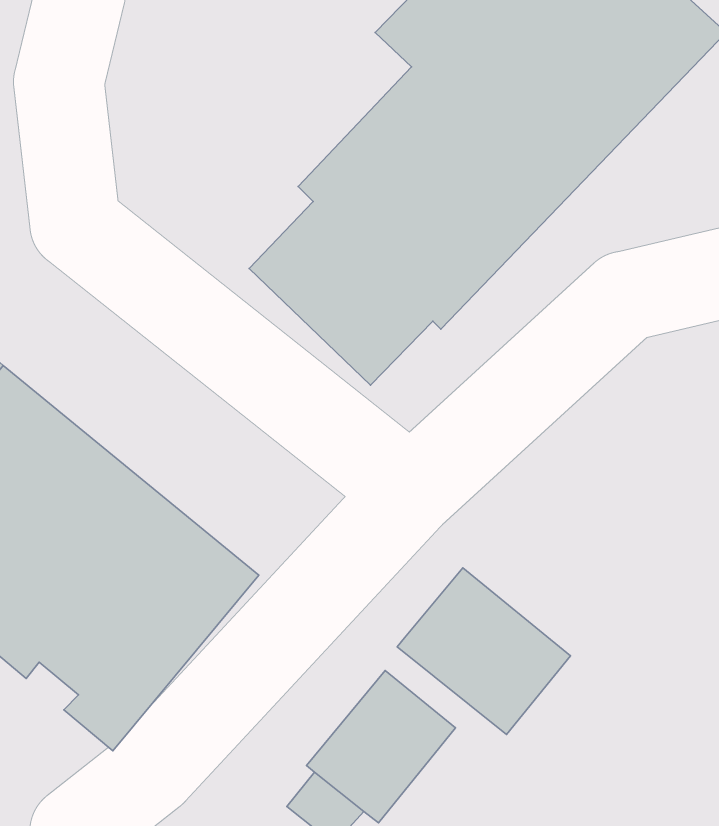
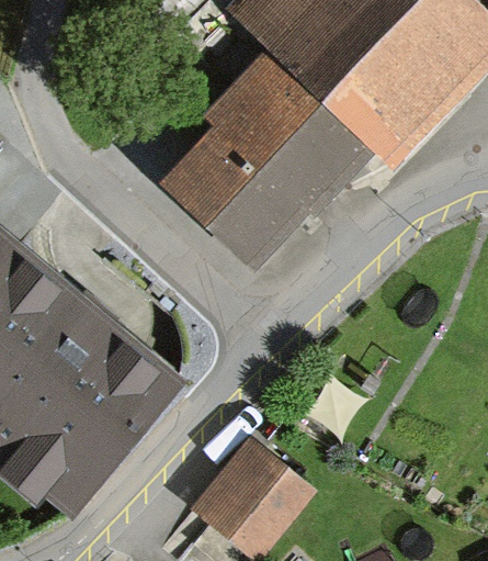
building: [397,568,571,734] -> none

